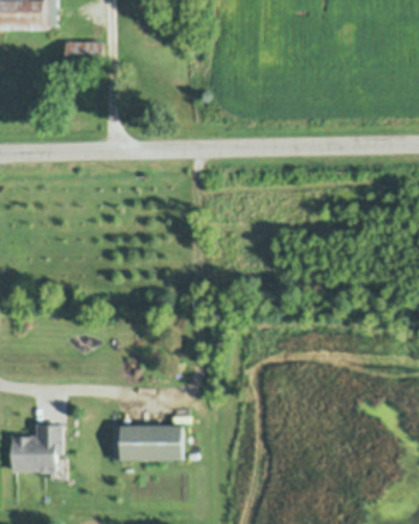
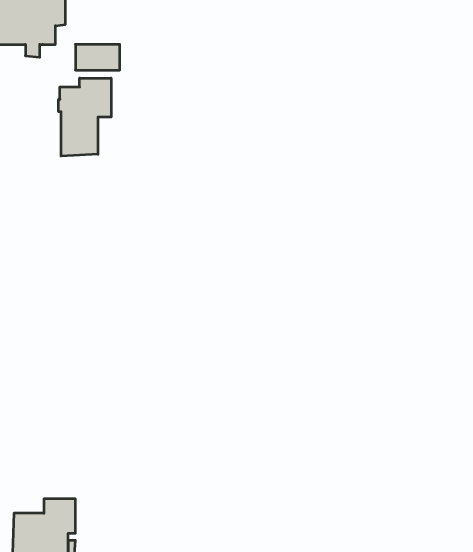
building: none -> [59,78,111,156]
building: [118,426,181,459] -> none

